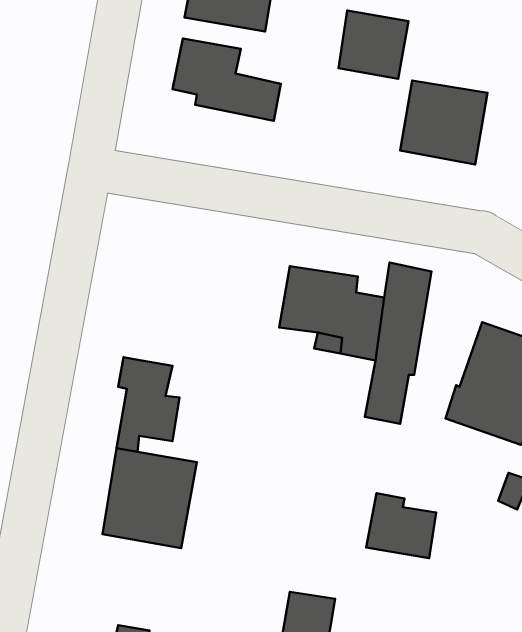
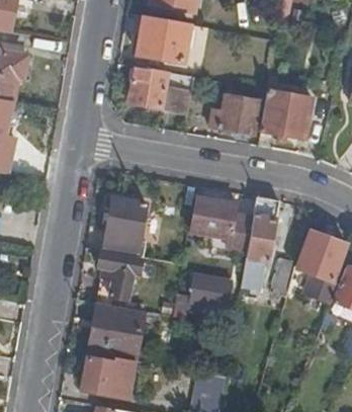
building: [339,11,409,79] -> [219,94,260,134]
building: none -> [106,197,147,257]
building: [366,493,436,558] -> [189,277,230,315]
building: none -> [82,352,135,399]

